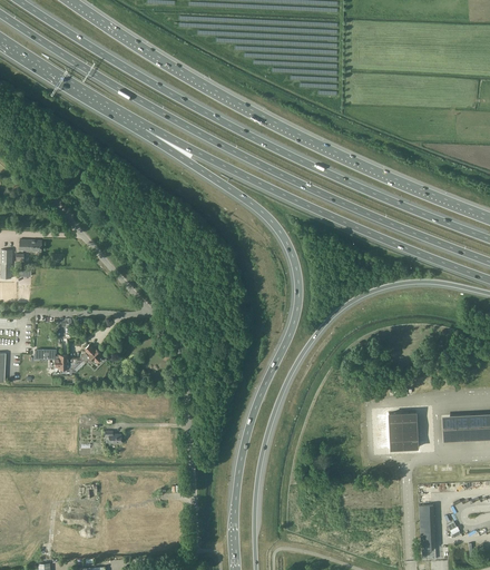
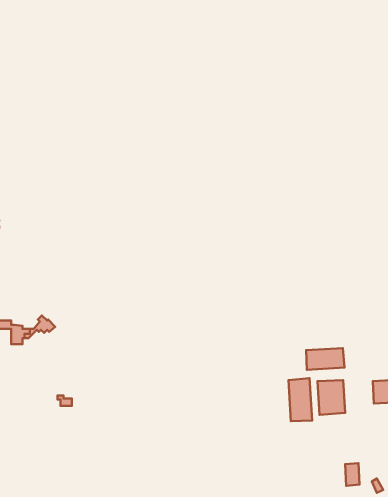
building: none -> [306,348,344,370]
building: none -> [288,378,312,421]

